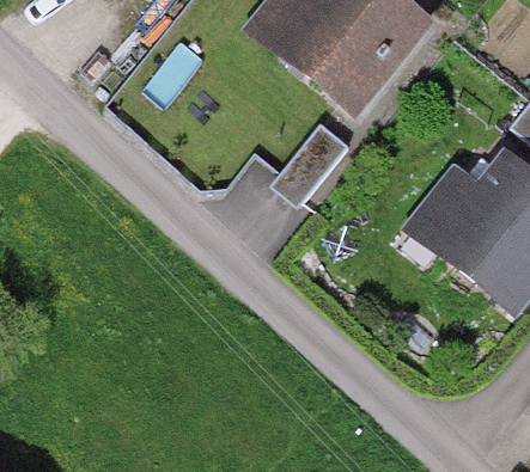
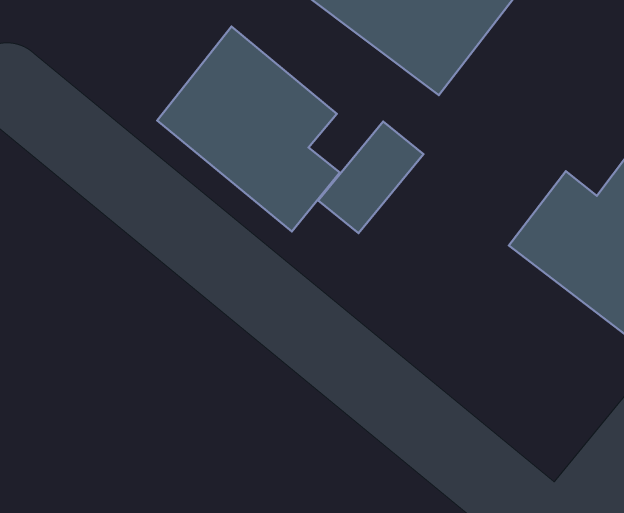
building: none -> [157,27,340,231]

